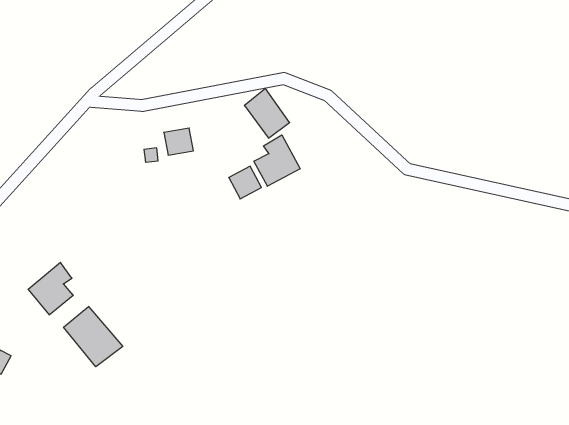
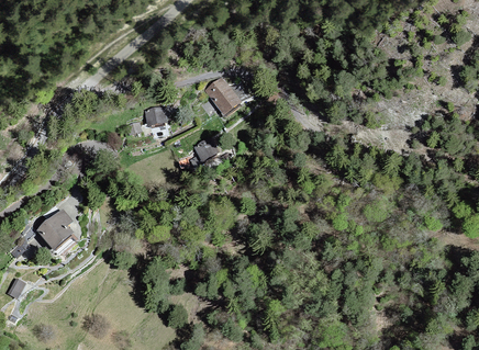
building: [254,135,300,186] -> none
building: [64,306,123,367] -> none

